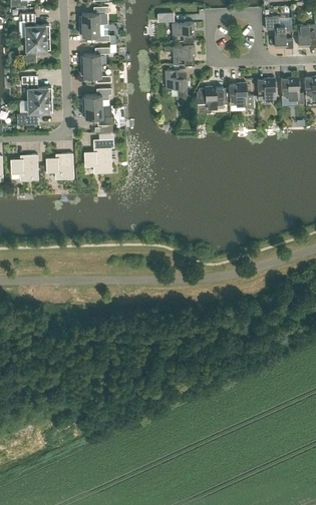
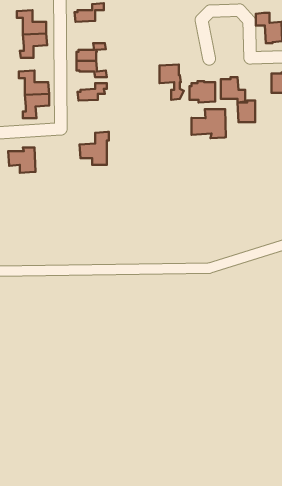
building: [172,22,194,40] -> none
building: [79,24,109,41] -> none
building: [165,46,195,64] -> none
building: [257,77,275,99] -> [238,101,255,122]
building: [82,105,112,125] -> none
building: none -> [191,109,226,138]
building: [45,152,73,178] -> none

